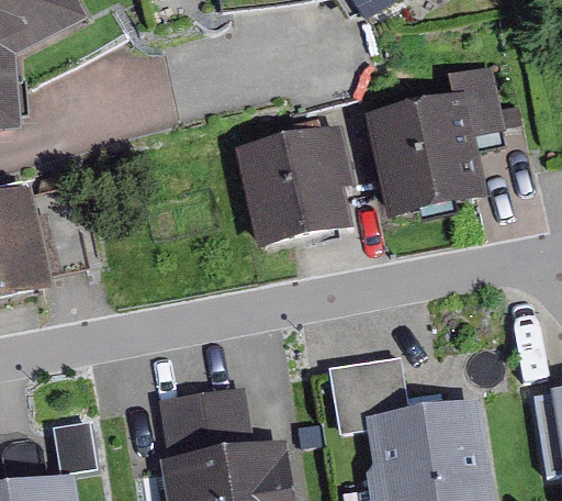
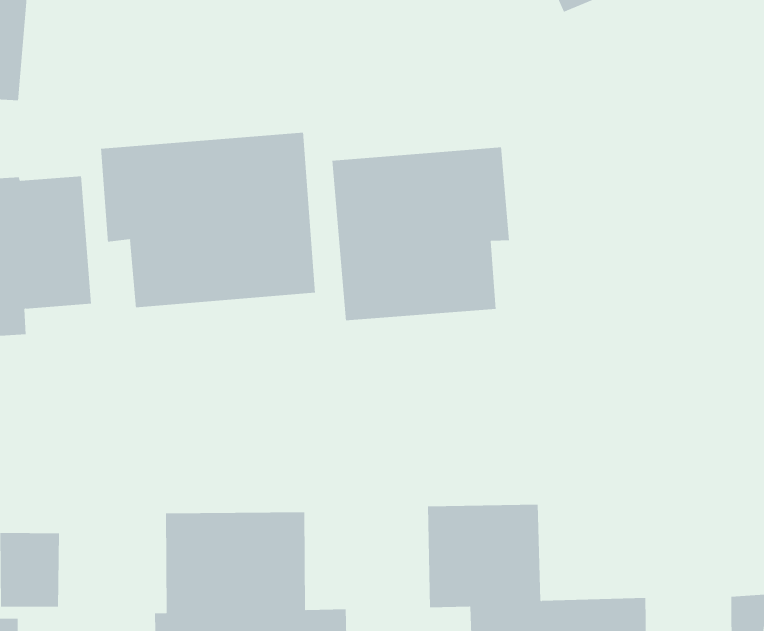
building: [360,64,505,225] -> none
building: none -> [101,132,316,308]

